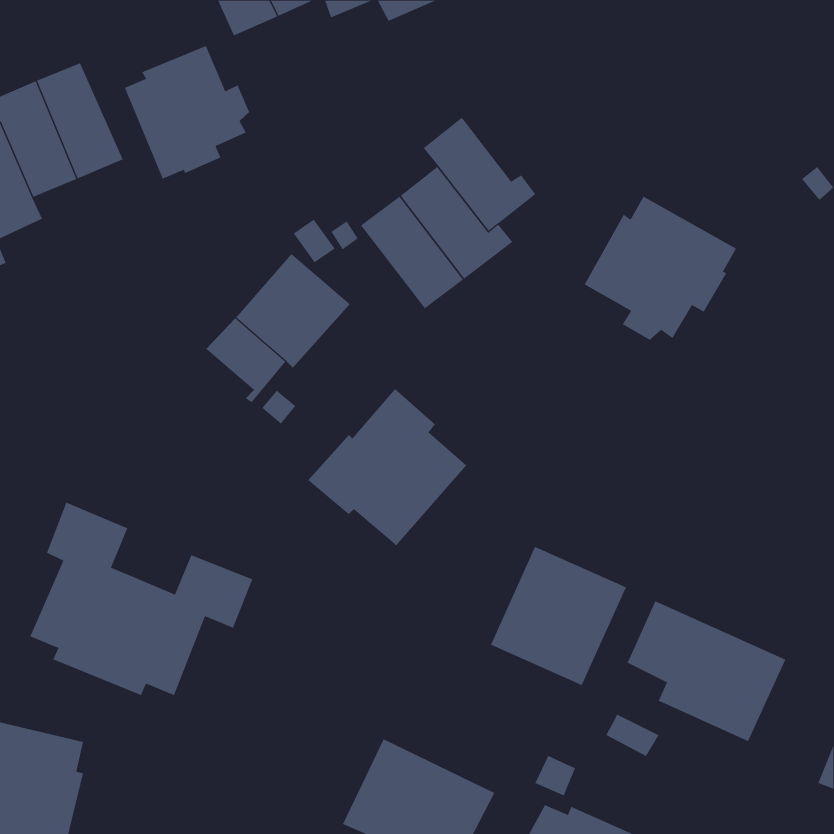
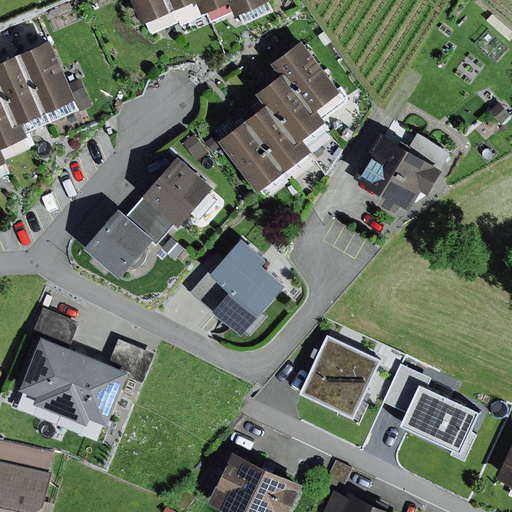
building: [124,45,250,180] -> none
building: none -> [272,41,340,114]
building: none -> [83,210,154,280]

